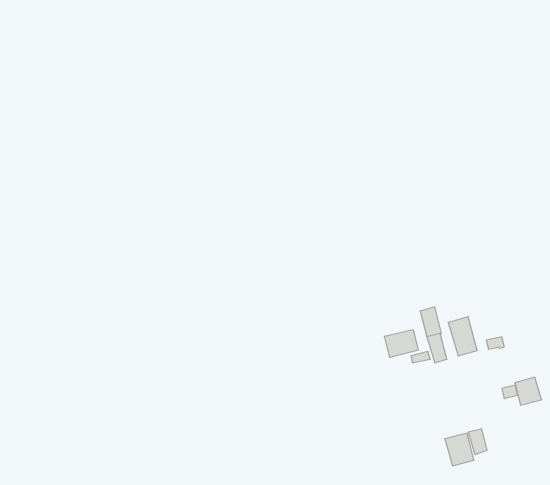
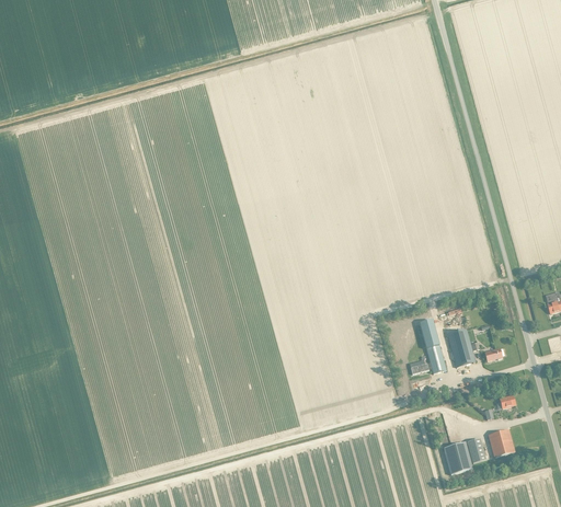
building: [384,330,418,358] -> none
building: [515,377,542,405] -> [488,428,514,456]

